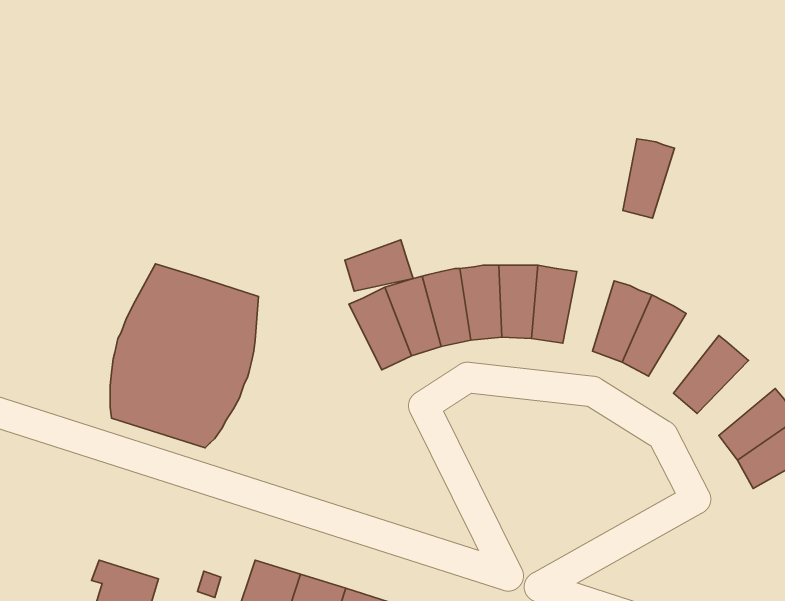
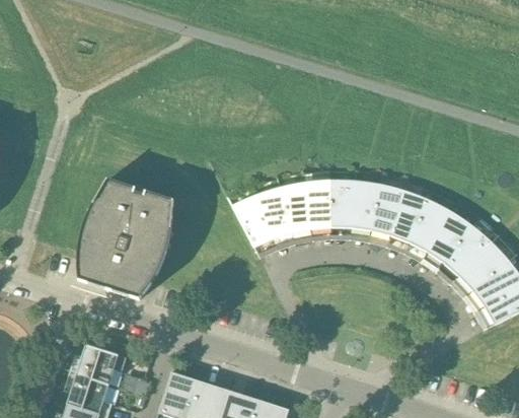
building: [623,139,674,218] -> [372,185,405,236]
building: [345,240,413,291] -> none
building: none -> [428,212,473,264]
building: none -> [459,242,510,291]
building: none -> [71,345,128,385]

